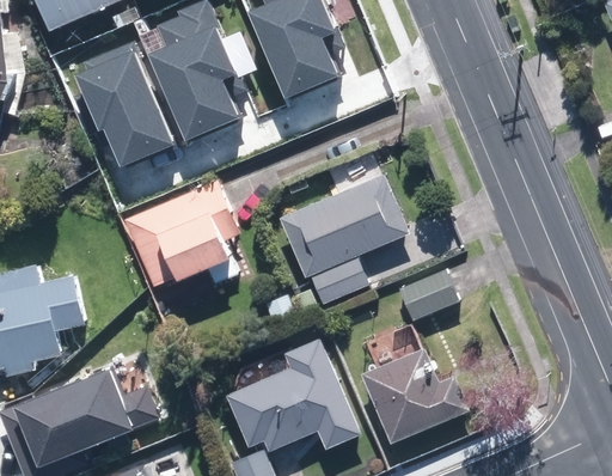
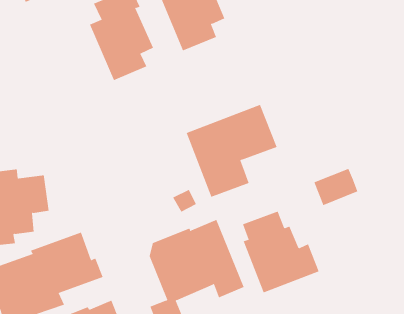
building: [68,47,169,175] -> none
building: [126,179,244,288] -> none
building: [396,269,459,323] -> [314,168,358,206]

